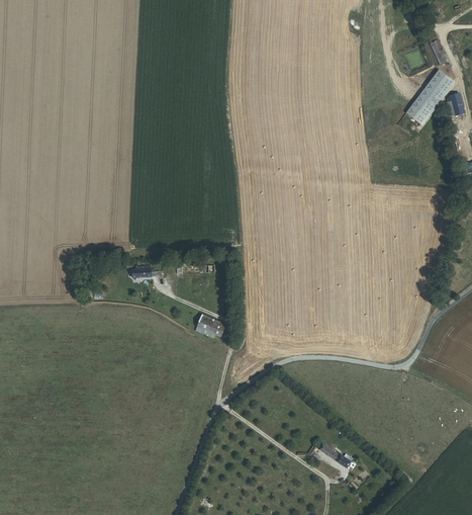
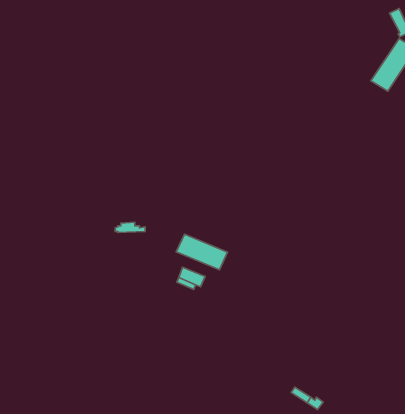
building: none -> [176,234,228,270]

